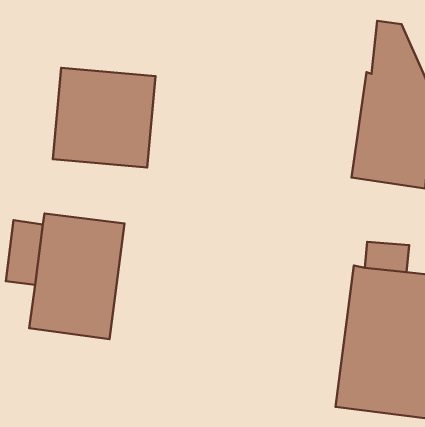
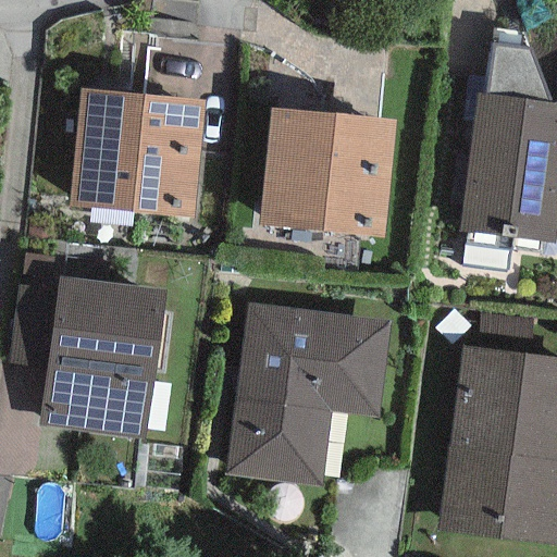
building: none -> [261,108,398,237]
building: none -> [228,302,392,486]

